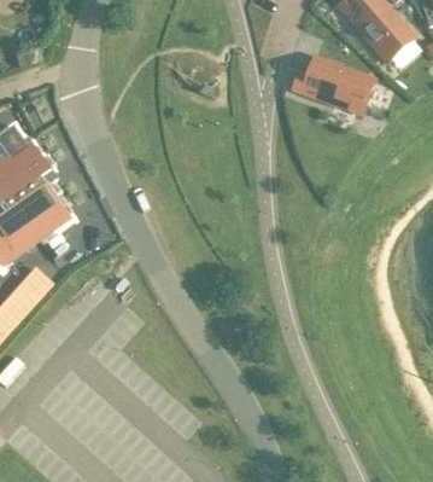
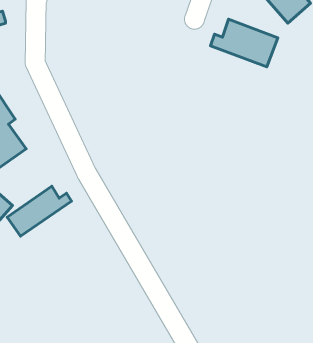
building: none -> [7,186,71,236]

